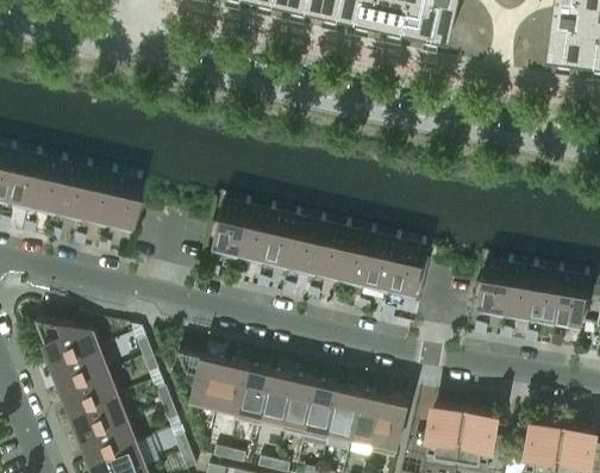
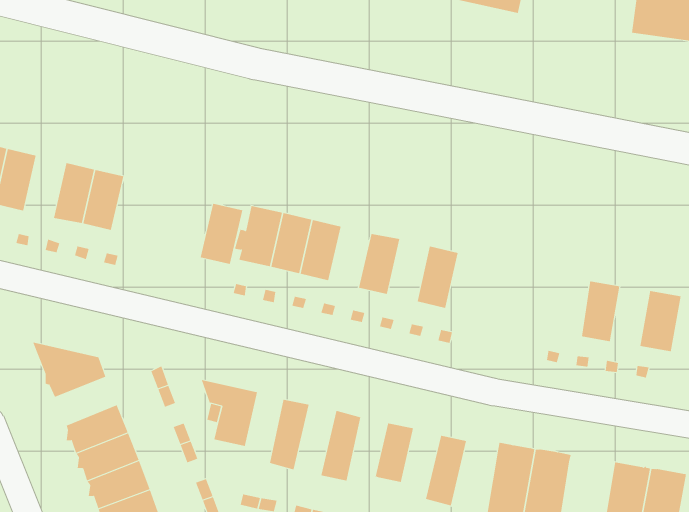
building: [29,157,64,211] -> none
building: [104,175,140,228] -> [200,203,243,264]
building: [289,218,325,270] -> none
building: [339,229,375,282] -> none
building: [389,241,426,294] -> none
building: [474,260,512,312] -> none
building: [530,269,563,320] -> none
building: [55,347,108,388] -> none
building: [218,360,250,421] -> none
building: [260,371,295,431] -> none
building: [305,381,339,442] -> none
building: [351,391,385,452] -> none

